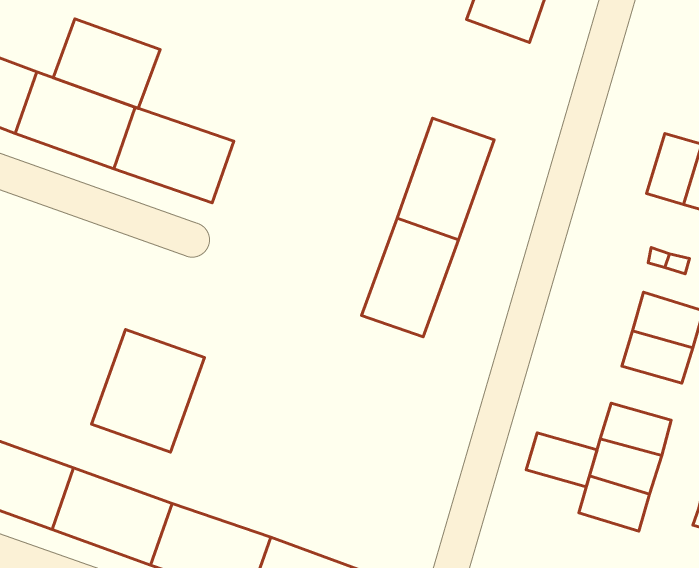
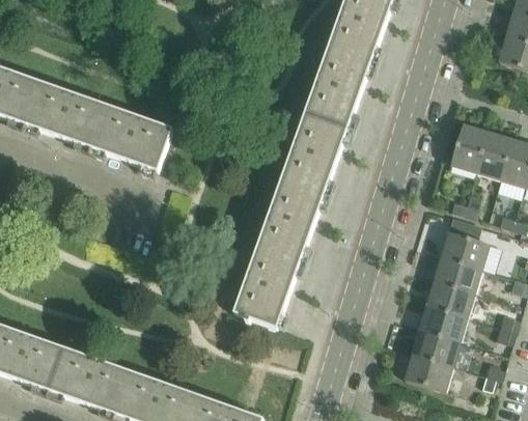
building: [53,19,160,108] -> none
building: none -> [306,46,371,127]
building: none -> [234,245,300,327]
building: [92,329,205,452] -> none
building: [526,433,597,487] -> [426,279,474,315]

